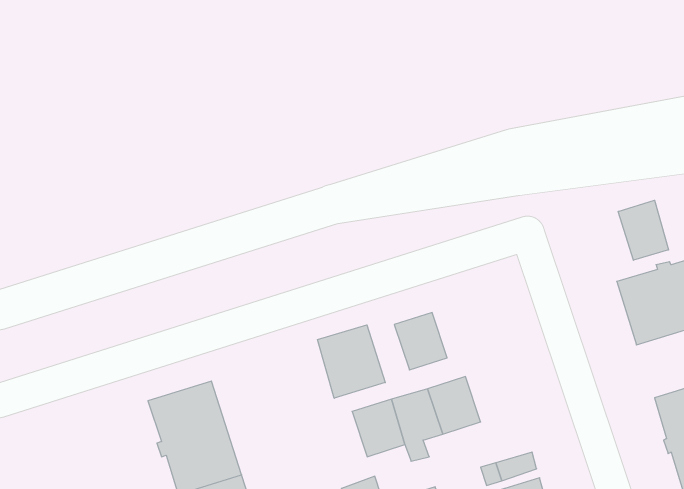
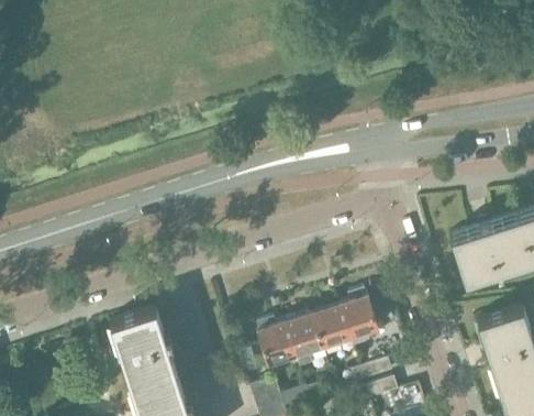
building: [618,200,669,260] -> none
building: [394,313,447,370] -> [340,297,378,339]
building: [318,325,385,398] -> none

